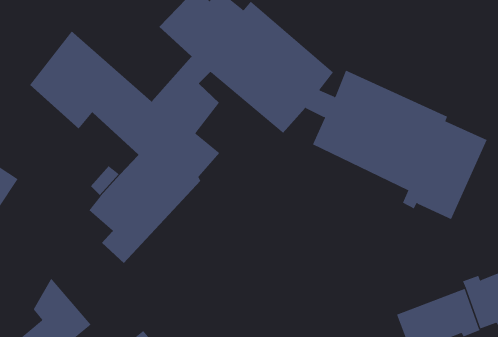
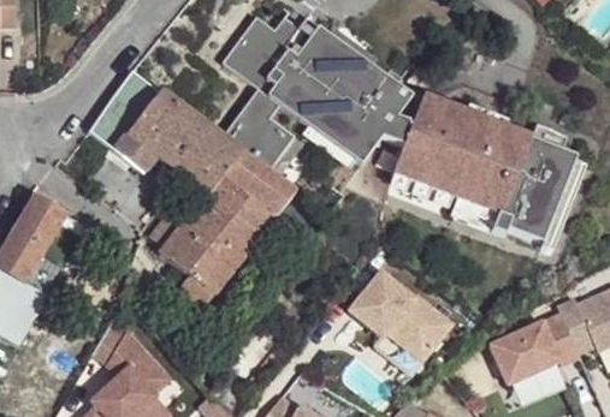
building: none -> [348,272,450,359]

